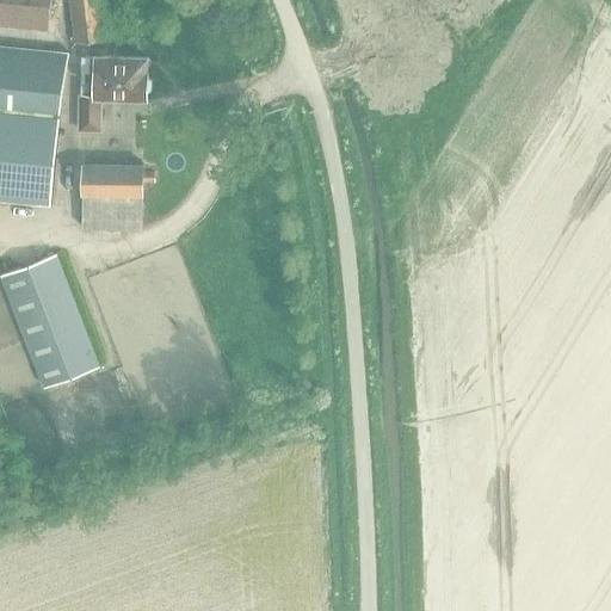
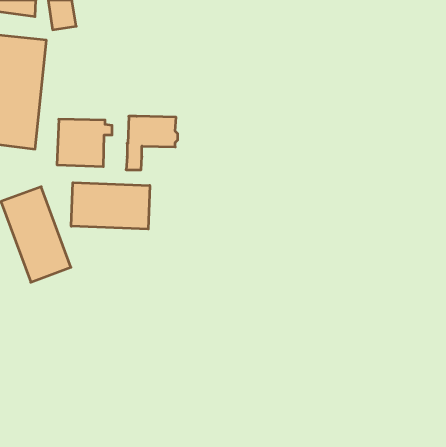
building: [78,57,148,130] -> [126,116,178,170]
building: none -> [71,183,150,229]

